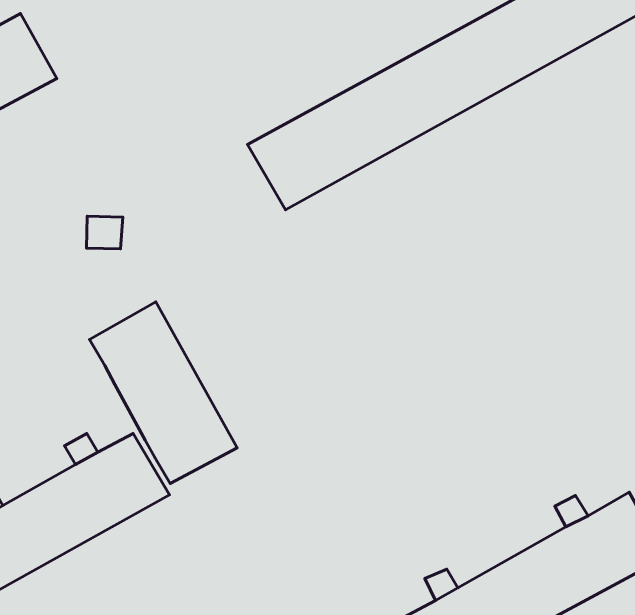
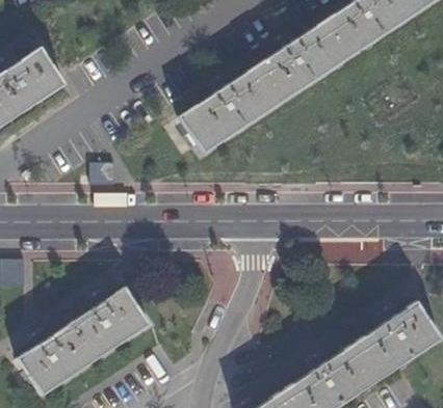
building: [89,302,237,484] -> none

